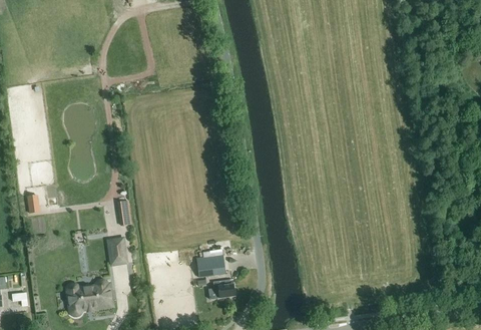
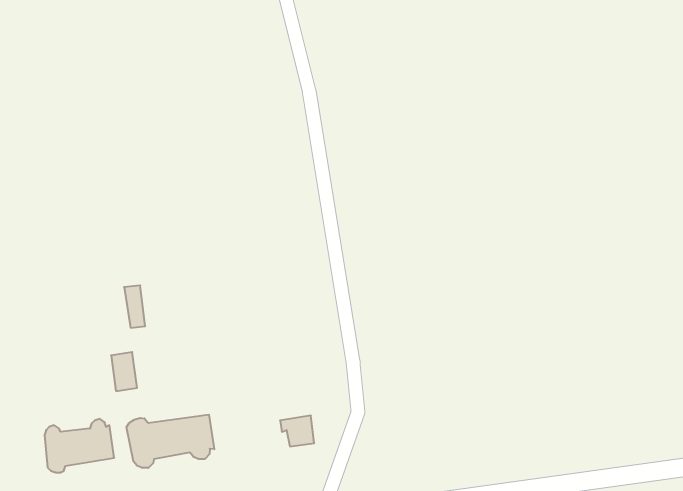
building: [196,254,225,276] -> none
building: none -> [126,415,214,468]

